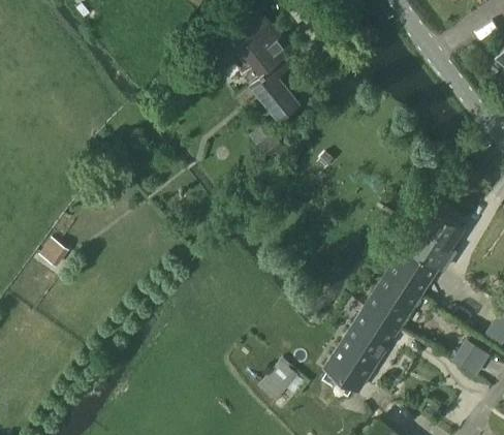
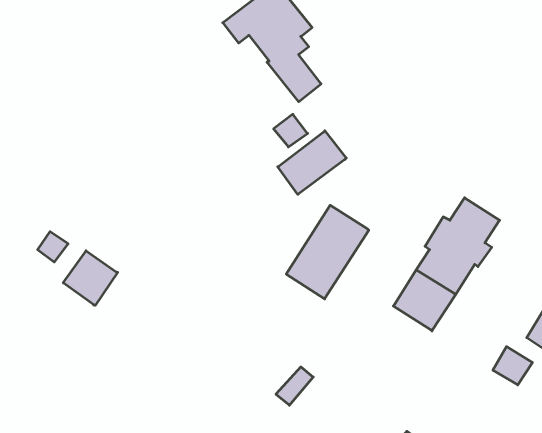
building: none -> [278,131,346,194]
building: none -> [63,251,118,305]
building: [325,306,401,392] -> [286,205,369,299]

